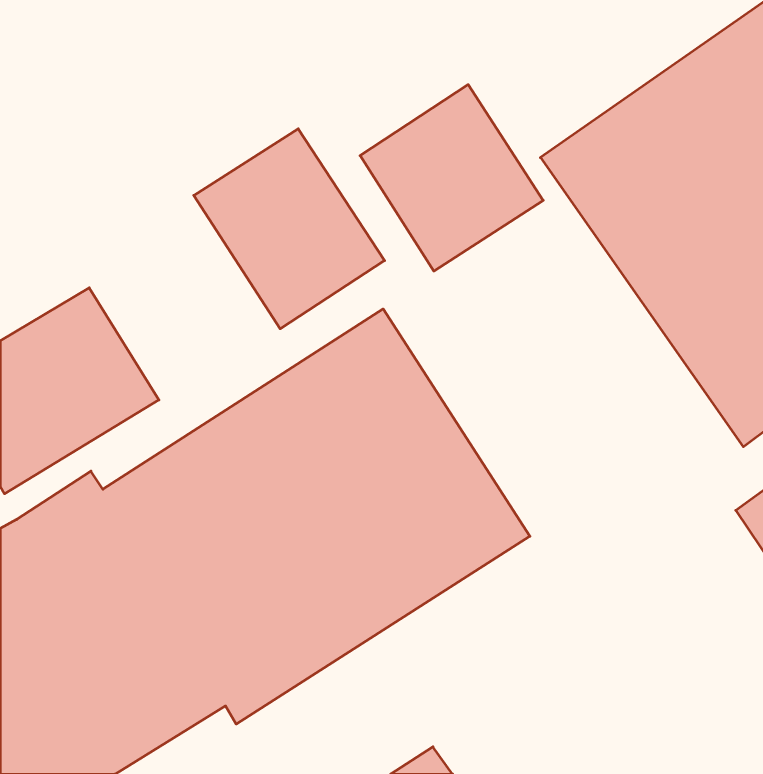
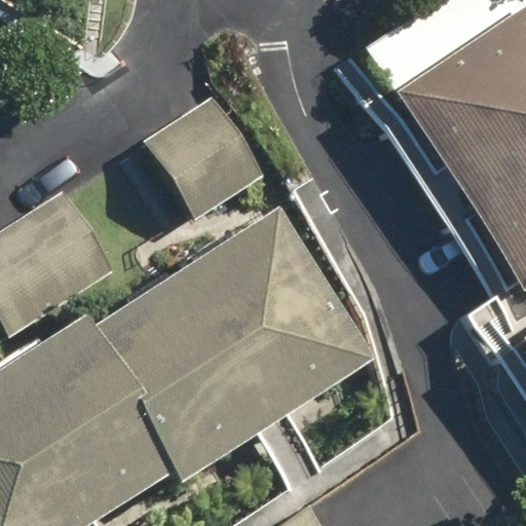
building: [360,85,543,271] -> none

